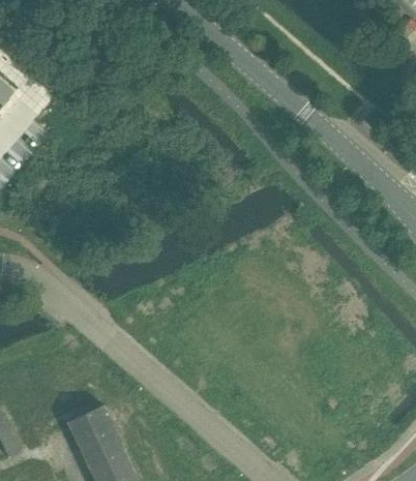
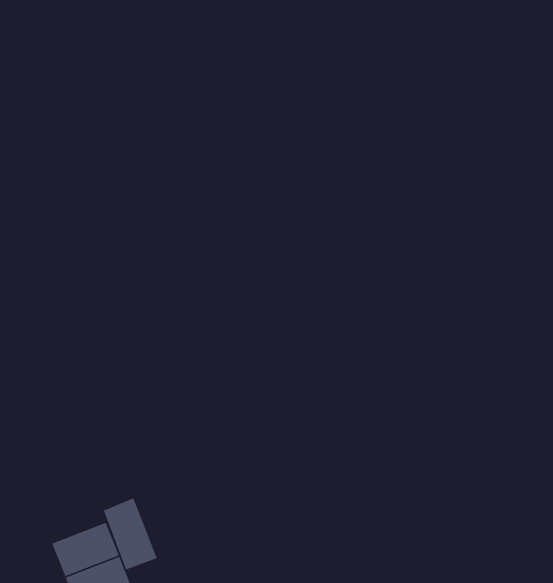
building: none -> [103,497,158,570]

